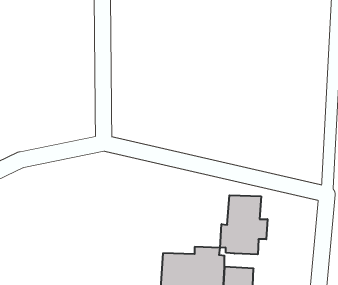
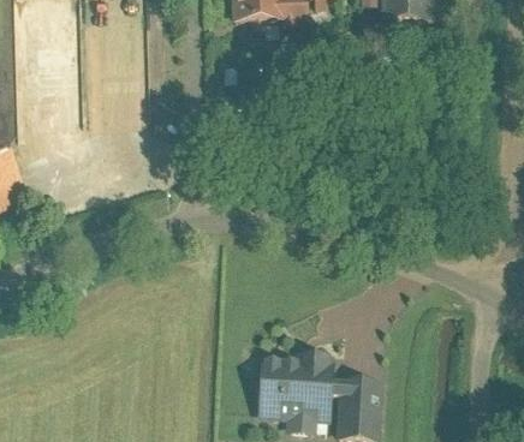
building: [220,195,267,254] -> none

